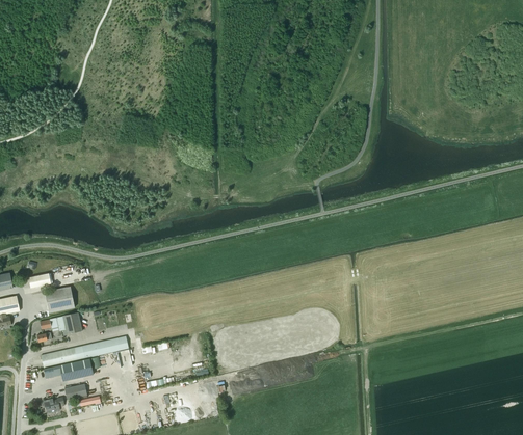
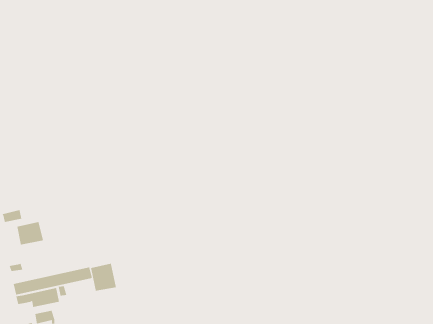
building: [40,311,82,334] -> none
building: none -> [90,263,117,291]

